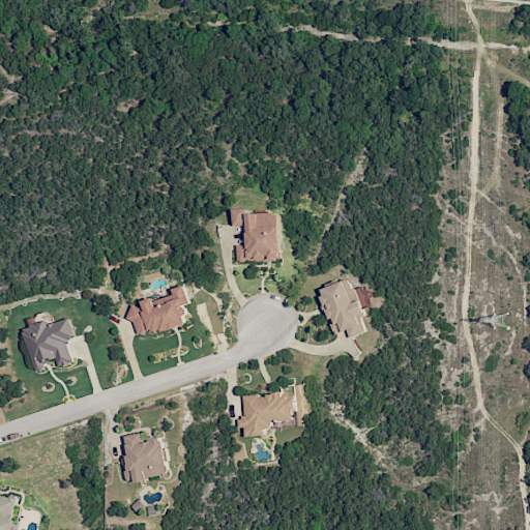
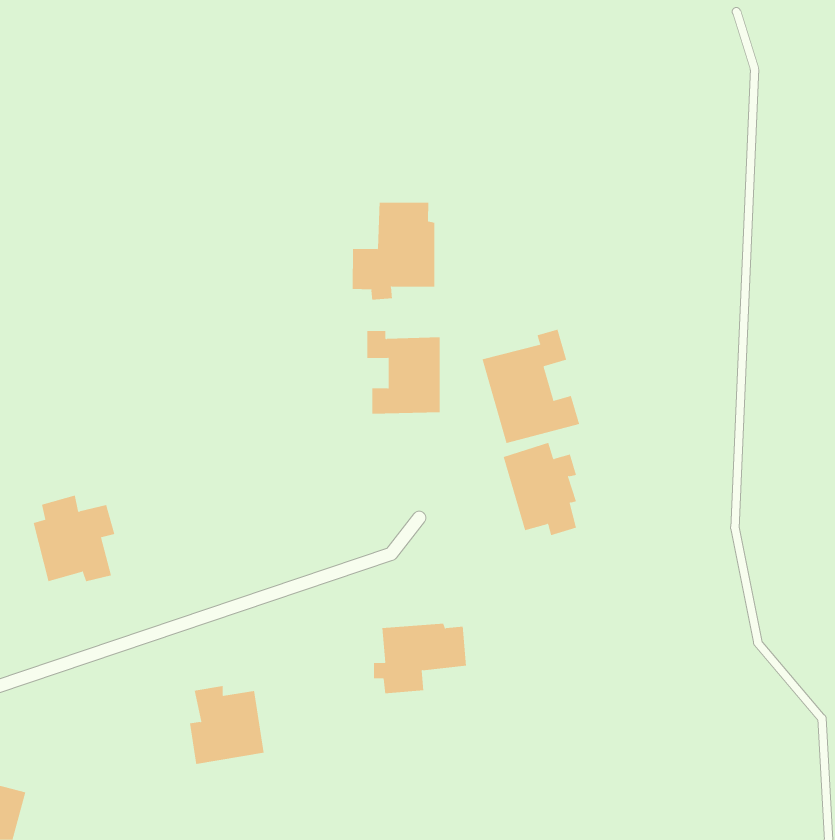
building: none -> [352,202,435,300]
building: none -> [482,329,580,444]
building: [125,285,187,337] -> none

